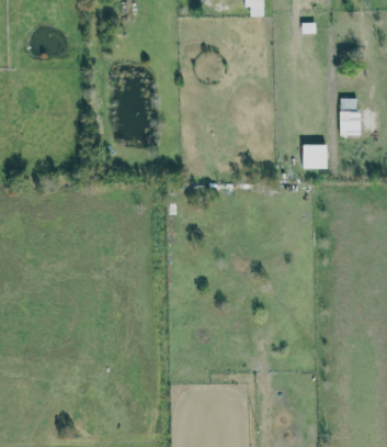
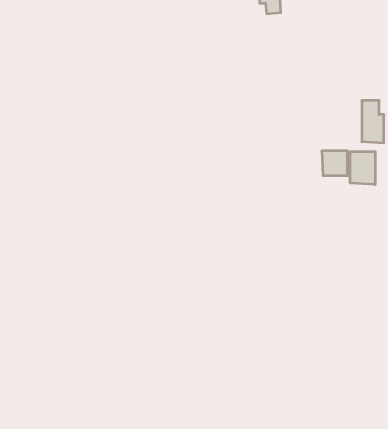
building: none -> [350,152,375,185]

